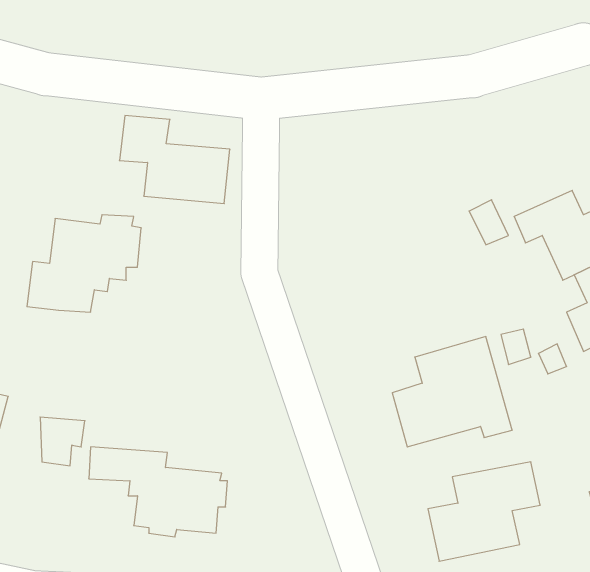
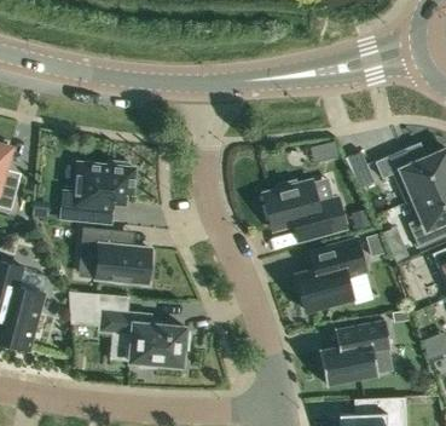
building: [119,116,230,204] -> [80,226,151,283]
building: none -> [263,179,347,240]

